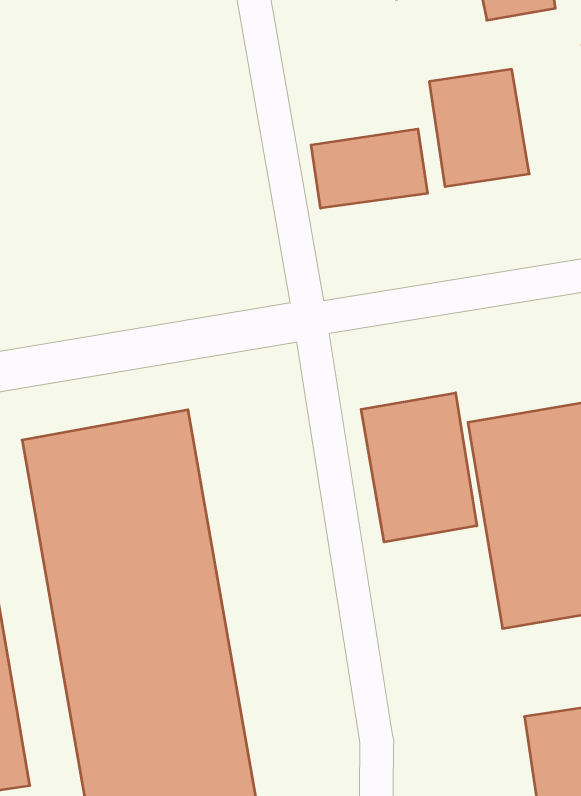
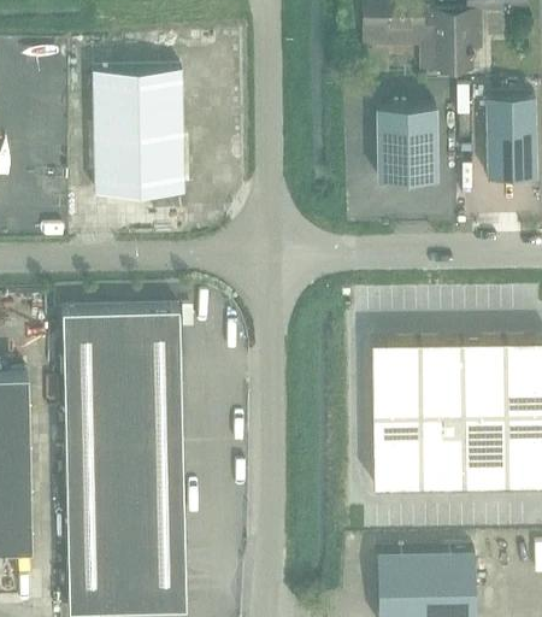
building: none -> [94,72,184,196]
building: [311,129,428,208] -> none
building: [361,393,477,542] -> none

